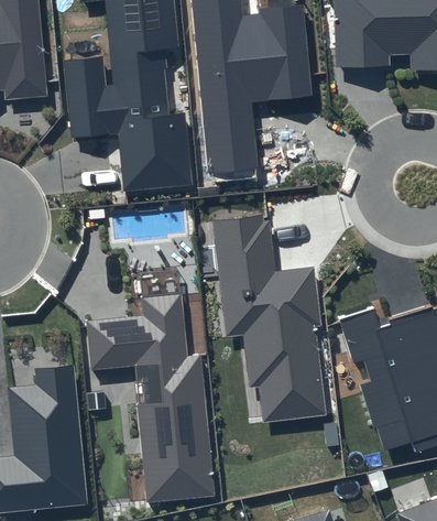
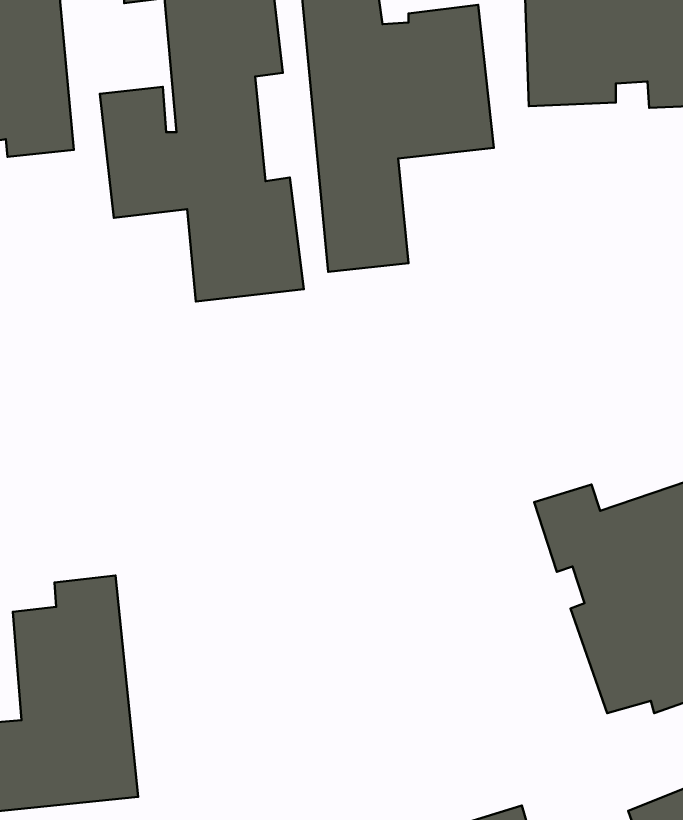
building: [212,214,326,423] -> none
building: [86,293,216,503] -> none

